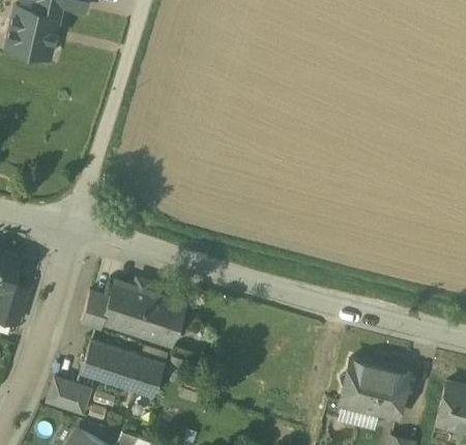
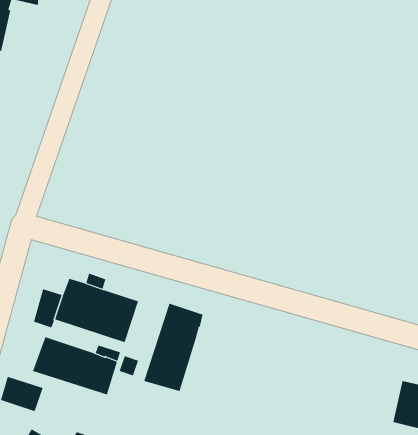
building: none -> [144,303,203,392]
building: [341,360,408,418] -> none

